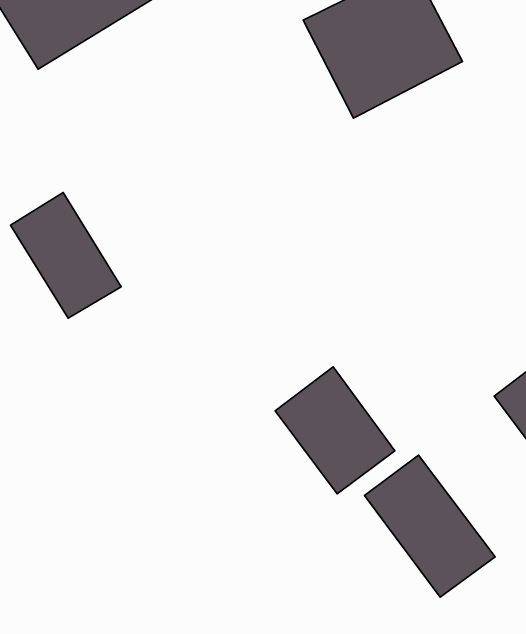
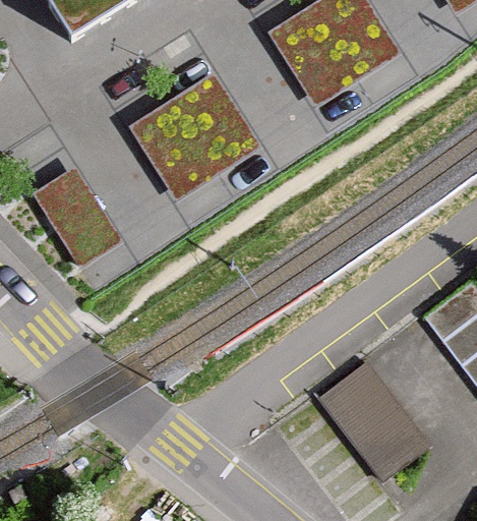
building: none -> [134,69,264,196]
building: [275,367,395,494] -> none

